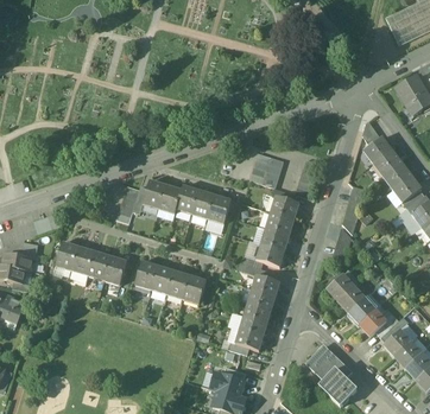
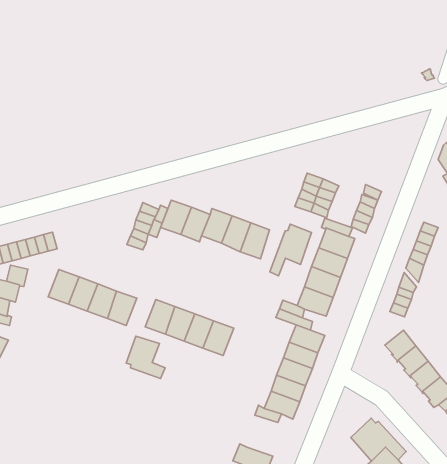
building: none -> [270,224,311,276]
building: none -> [126,336,165,379]

